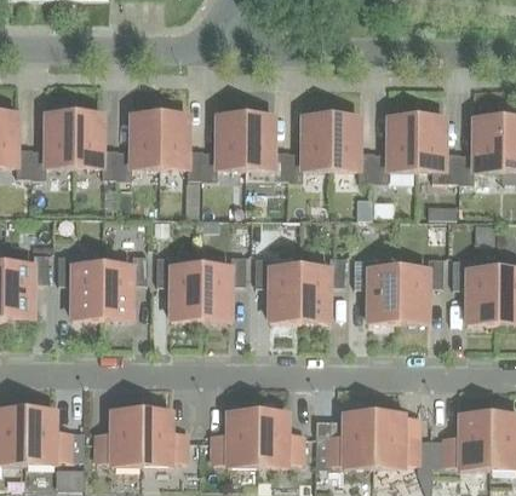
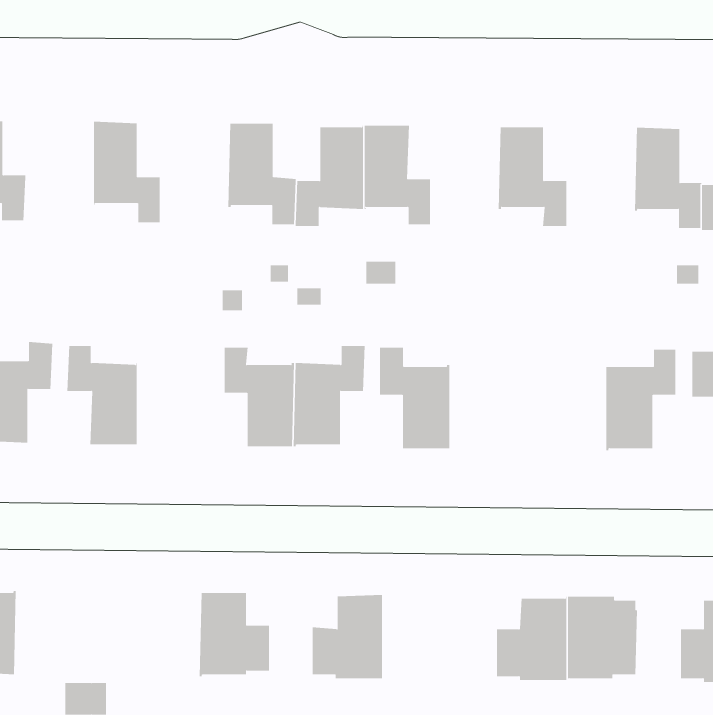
building: [30,113,74,177] -> none
building: [116,114,160,178] -> none
building: [287,116,331,180] -> none
building: [373,116,415,180] -> none
building: [102,253,147,317] -> none
building: [299,255,344,319] -> none
building: [354,256,397,321] -> none
building: [24,409,82,462] -> none
building: [96,410,142,463] -> none
building: [257,411,302,465] -> none

